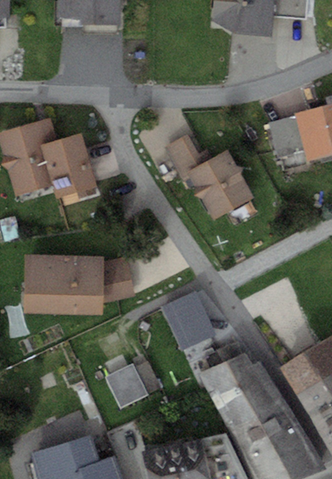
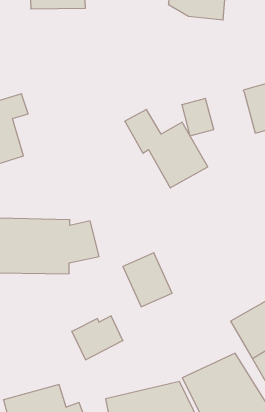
building: [269,115,304,156] -> [182,98,214,136]
building: [41,132,97,198] -> none
building: [199,351,285,428] -> none

